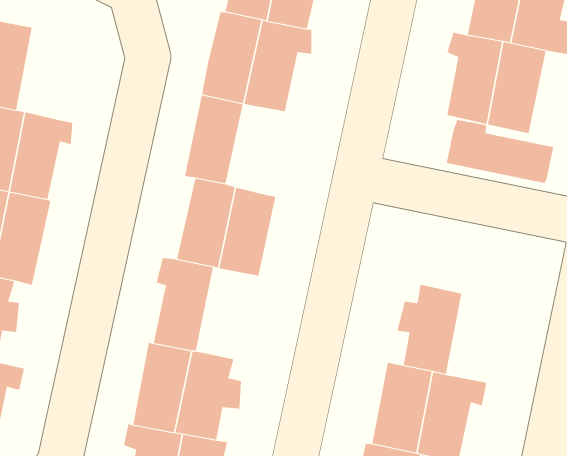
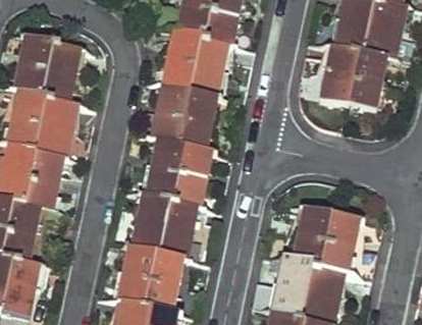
building: none -> [41,42,85,102]
building: none -> [177,92,219,151]
building: [446,119,554,184] -> none
building: none -> [158,198,203,259]
building: none -> [321,215,367,273]

